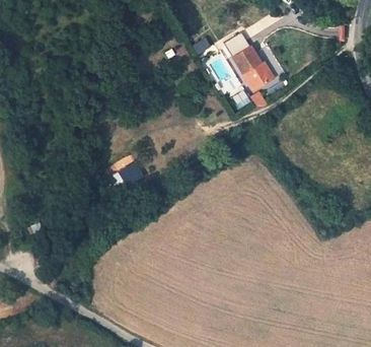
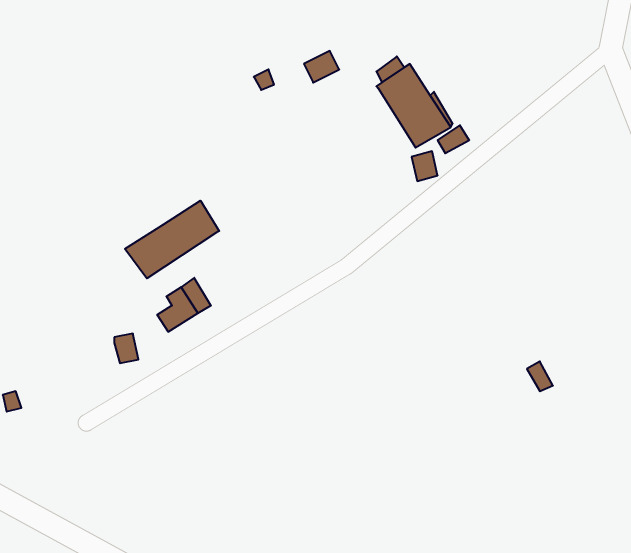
building: none -> [125,201,219,278]

